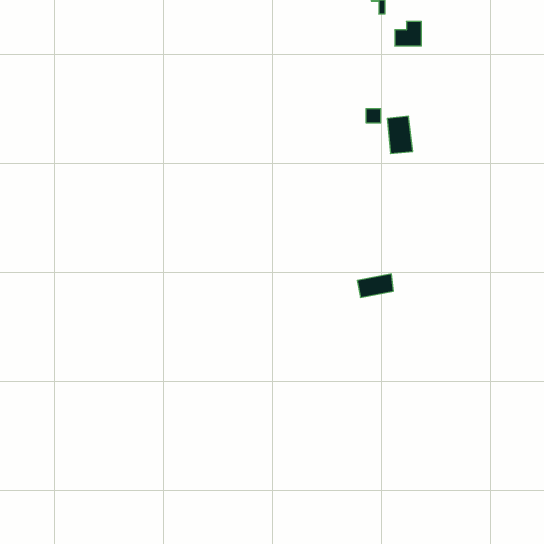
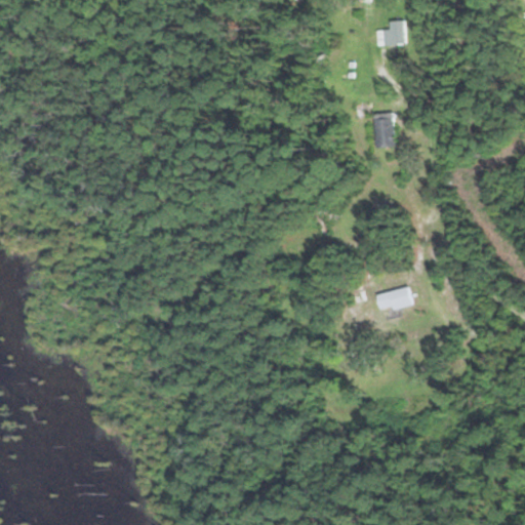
building: [357,274,393,297] -> [376,288,411,311]

